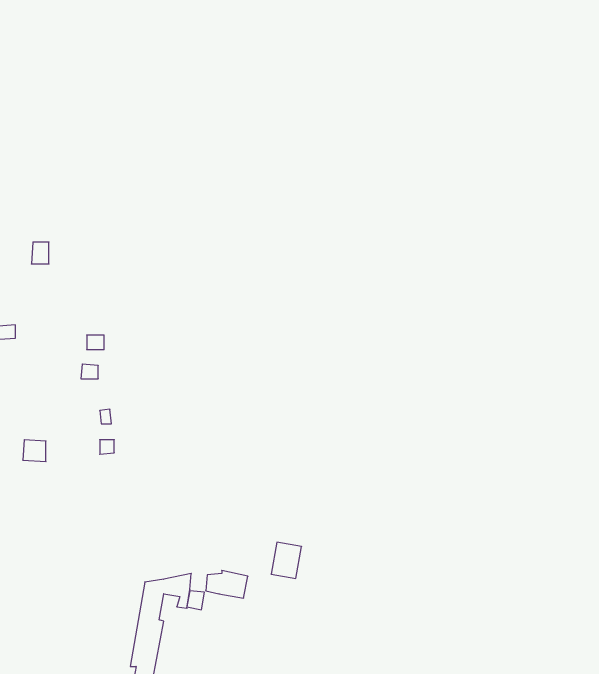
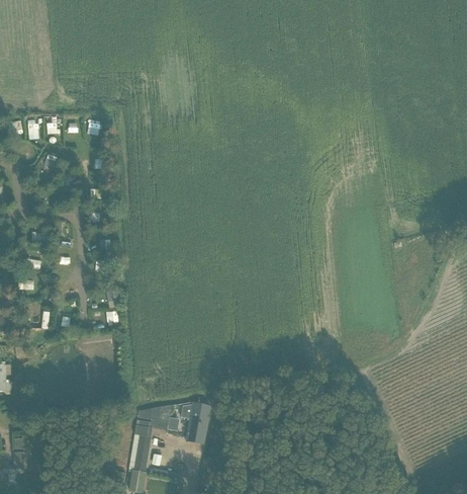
building: [271,542,302,578] -> [186,418,207,443]

